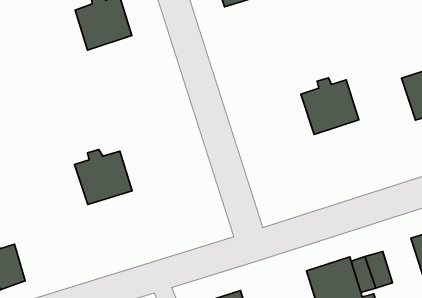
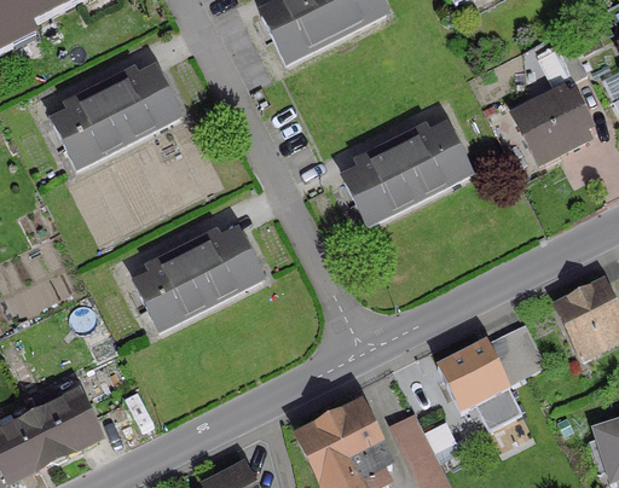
building: none -> [52,95,127,167]
building: none -> [343,152,418,223]
building: none -> [186,231,261,303]

